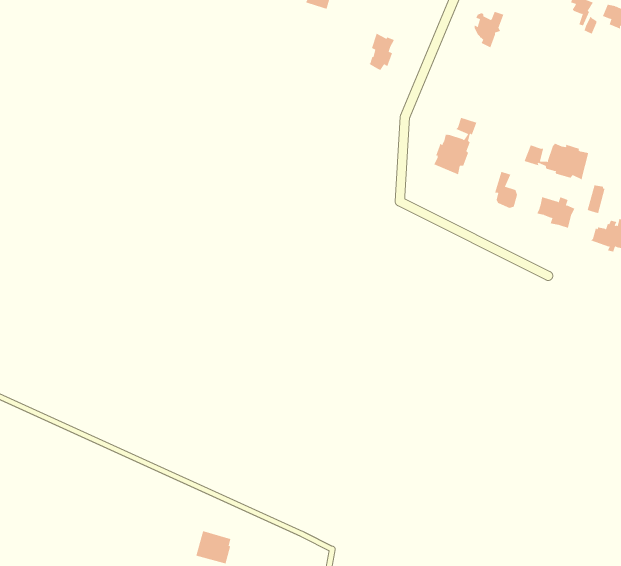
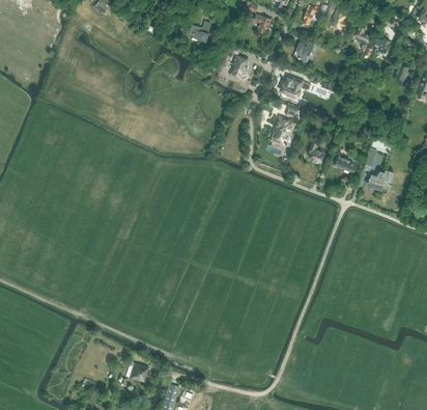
building: none -> [280,72,308,98]
building: [524,143,589,181] -> none

